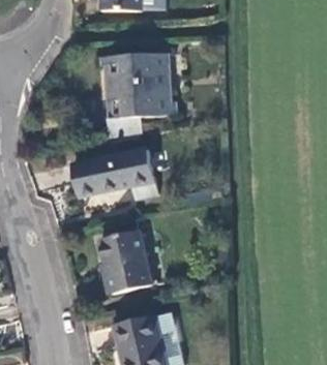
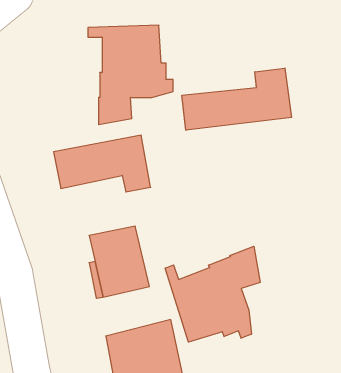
building: none -> [182,68,291,130]
building: none -> [165,246,260,342]

